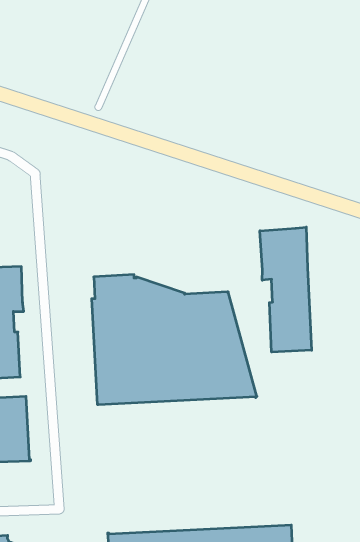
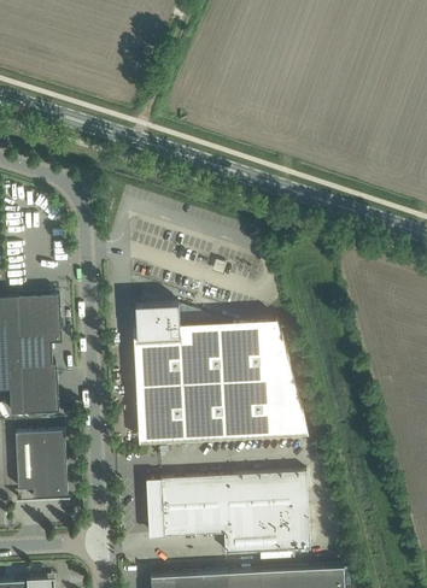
building: [260,227,312,352] -> none
building: none -> [145,474,310,554]

